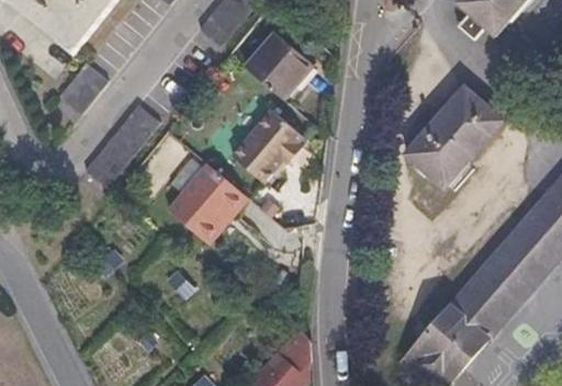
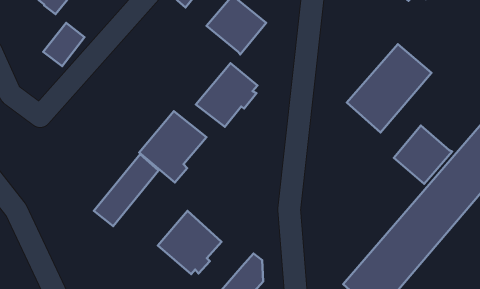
building: [86,104,159,186] -> [94,154,158,226]
building: none -> [394,126,452,184]
building: none -> [158,211,221,274]

